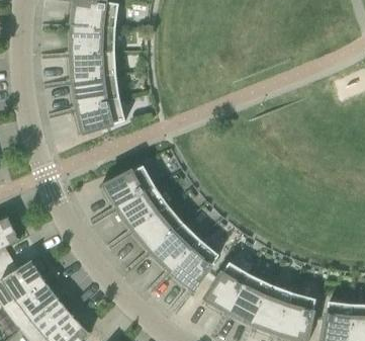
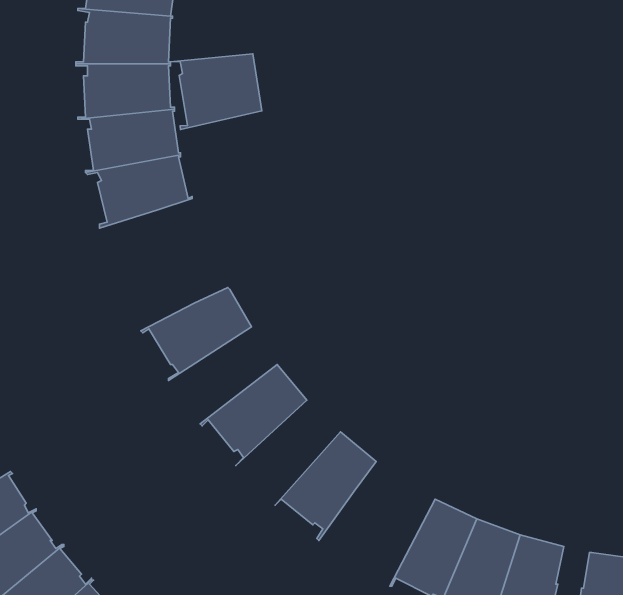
building: none -> [171,54,262,129]
building: [112,185,168,235] -> none
building: [147,223,200,276] -> none
building: [201,261,249,318] -> none

